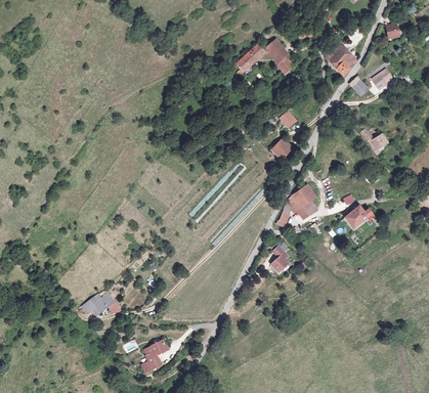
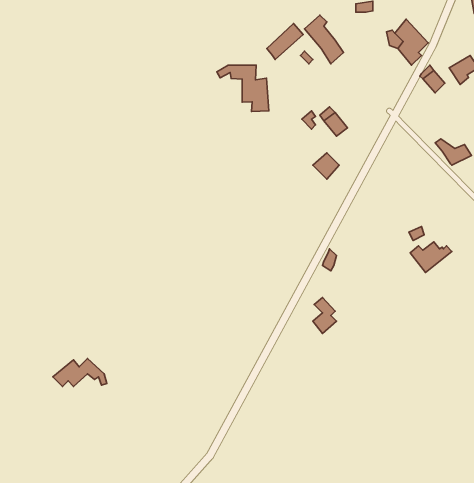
building: none -> [217,65,269,111]
building: [286,185,316,220] -> none
building: [139,340,167,372] -> none

